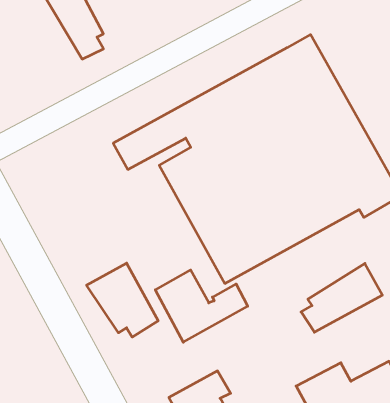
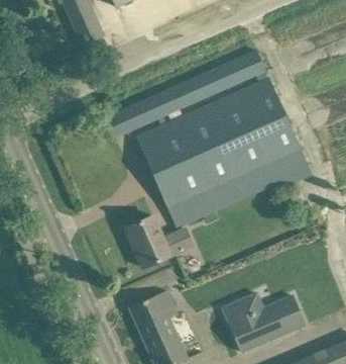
building: [87,263,158,337] -> none
building: [301,263,382,332] -> none

